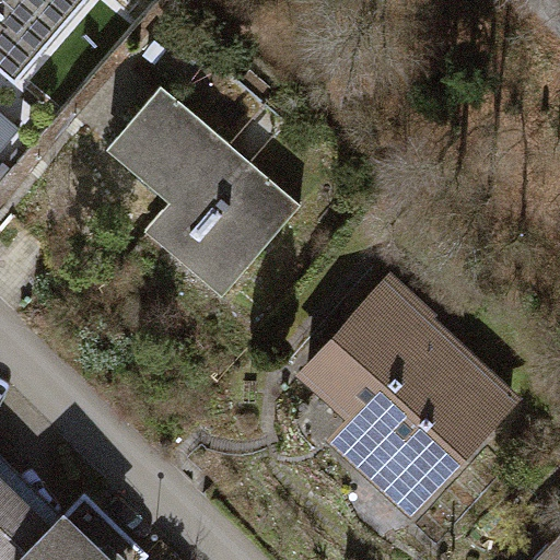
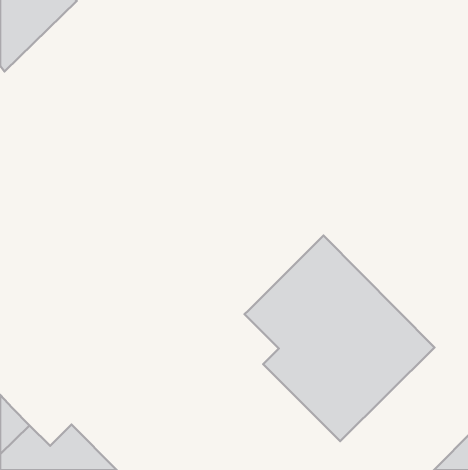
building: [105,79,304,302] -> none

